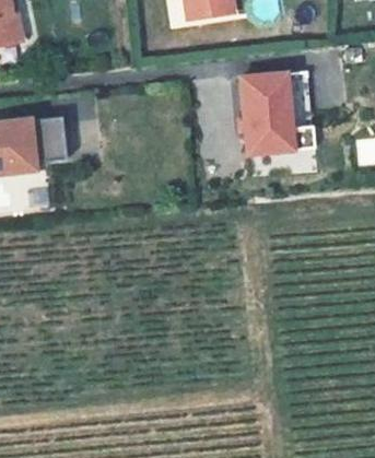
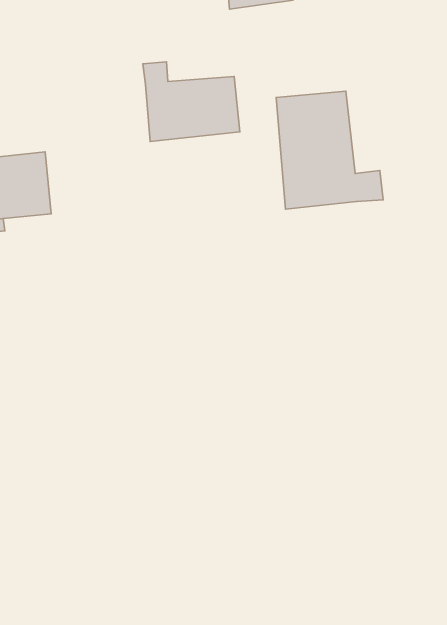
building: none -> [143,62,240,142]

